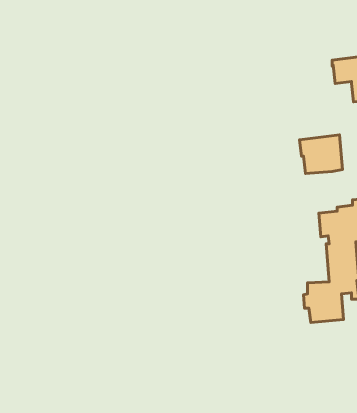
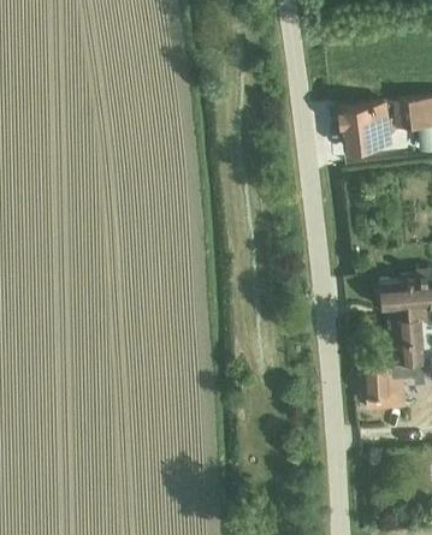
building: [300,135,342,174] -> [338,102,389,148]

